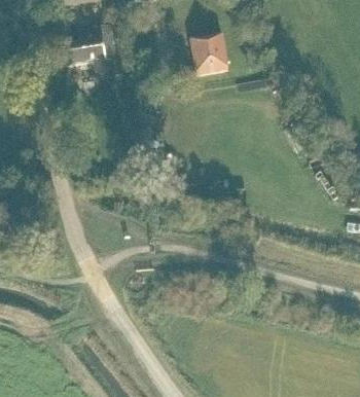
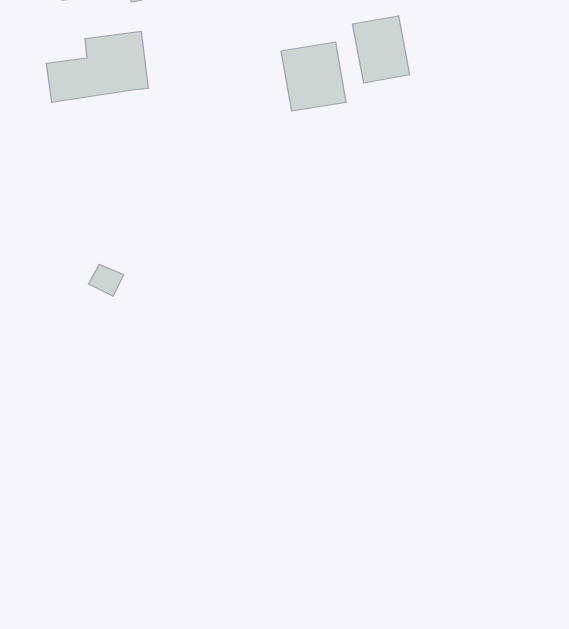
building: none -> [353,16,410,83]

